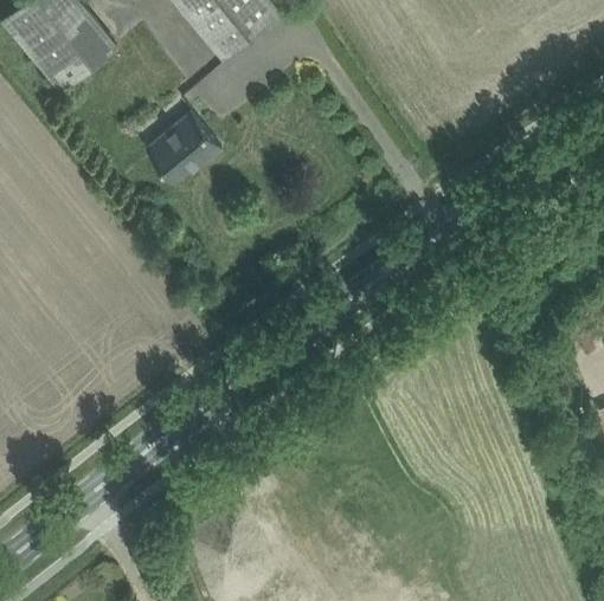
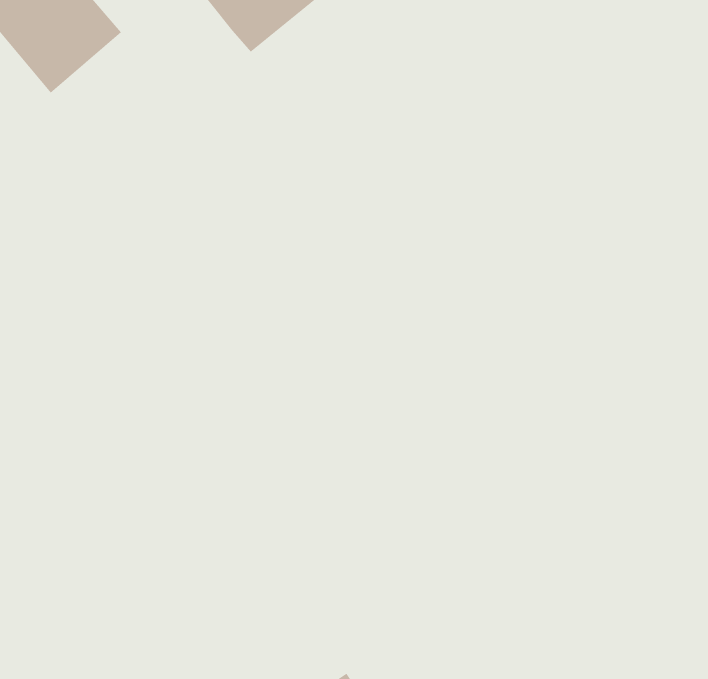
building: [148,112,220,182] -> none

